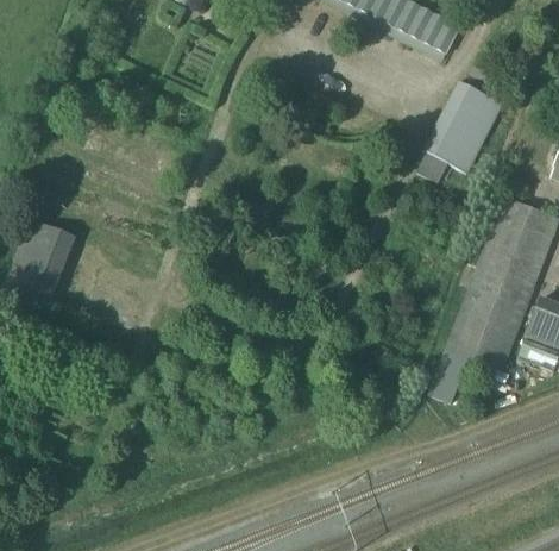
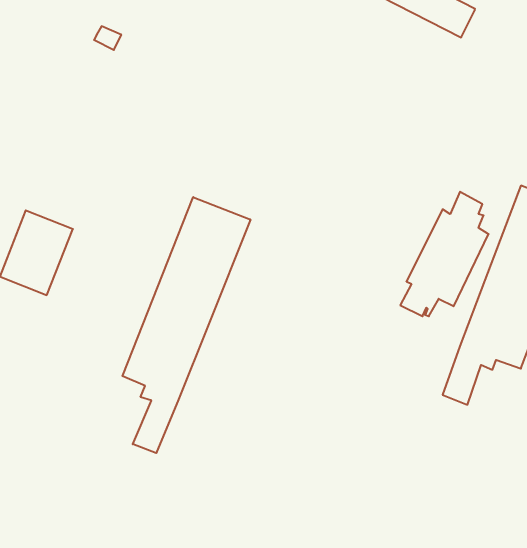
building: [417,64,502,183] -> [400,192,489,316]
building: none -> [122,197,250,453]

